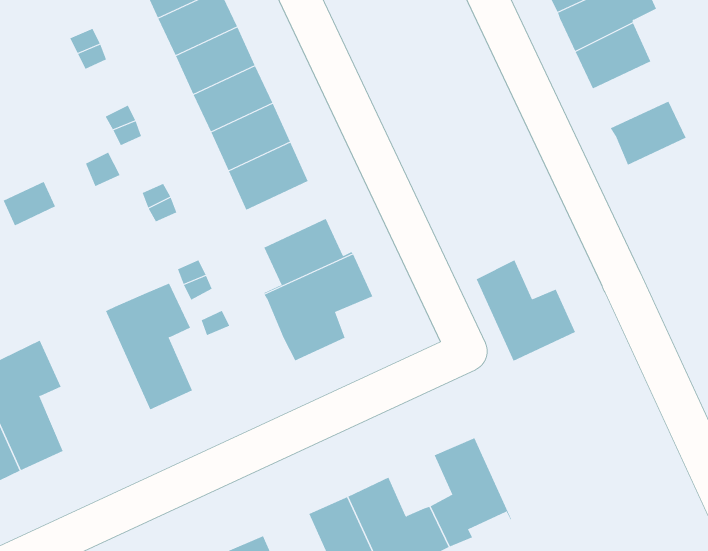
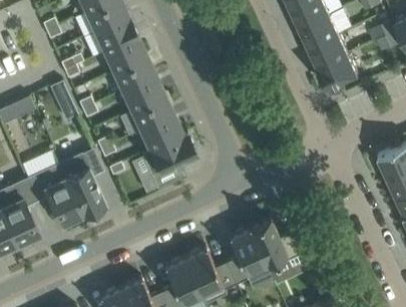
building: none -> [309,36,348,70]
building: none -> [131,97,172,131]
building: [476,260,576,361] -> [249,219,300,271]
building: none -> [26,164,82,225]

